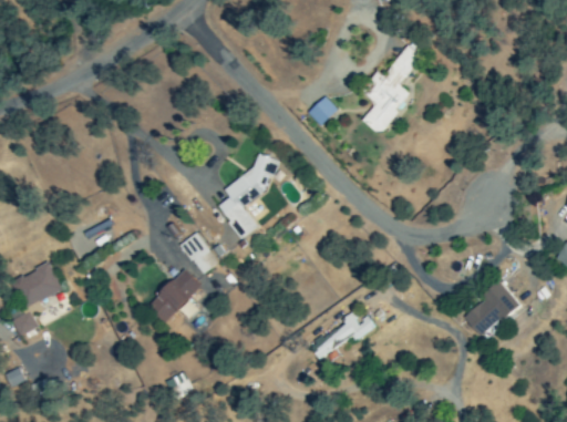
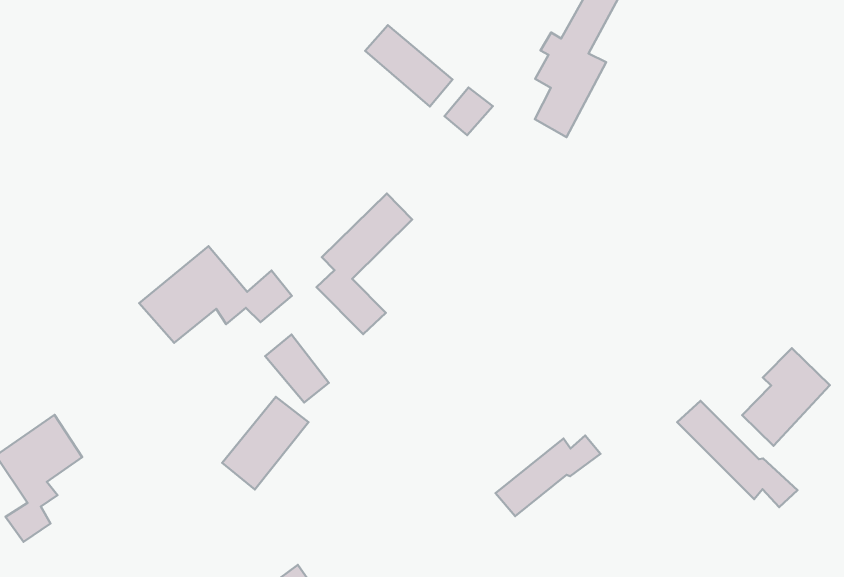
building: none -> [365,25,452,107]
building: none -> [139,246,292,343]
building: none -> [677,401,797,507]

